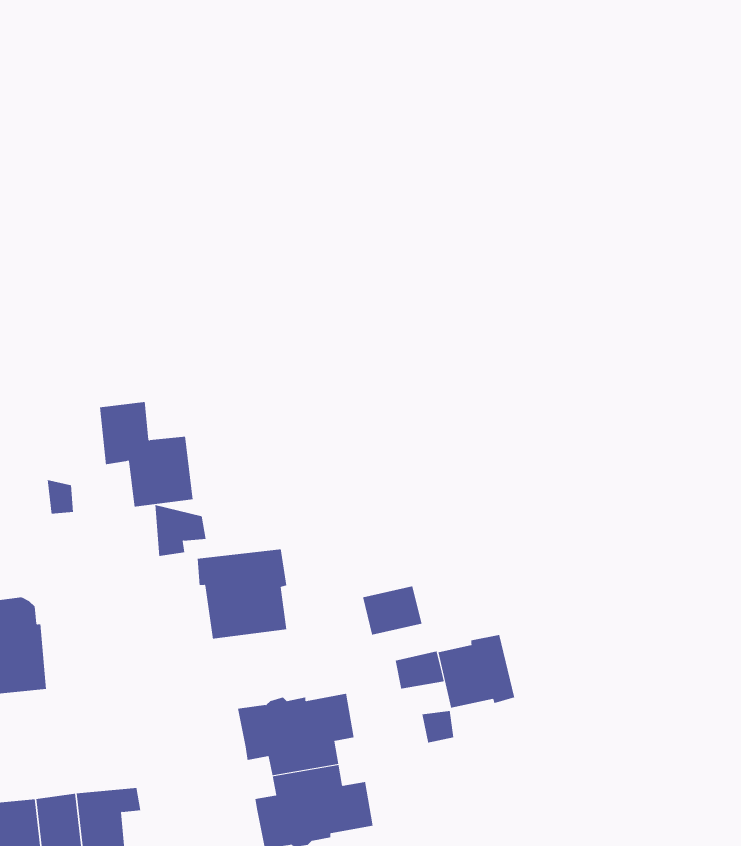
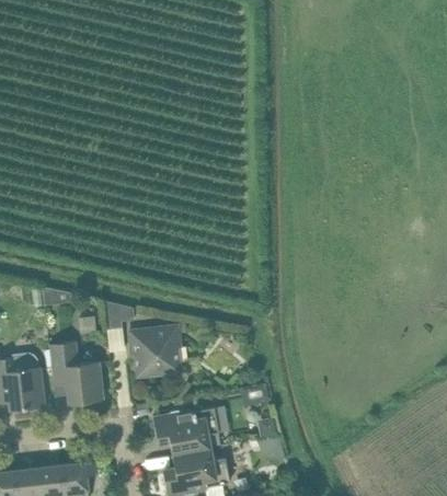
building: [99,401,193,507] -> [49,343,103,403]
building: [362,585,422,636] -> none
building: [438,634,515,709] -> none

